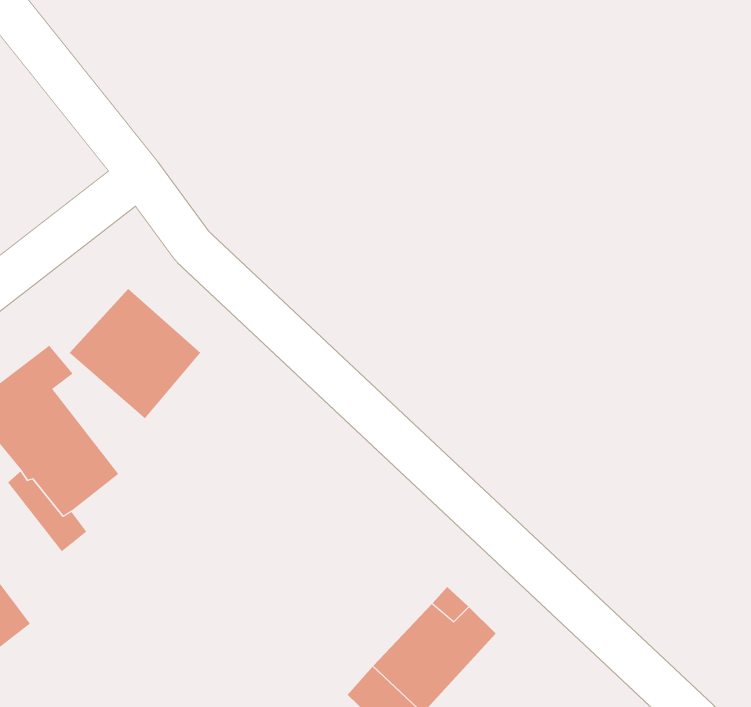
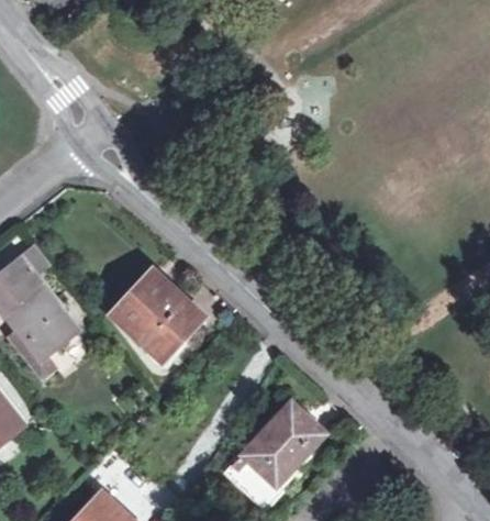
building: [69,288,201,419] -> [113,271,199,356]

